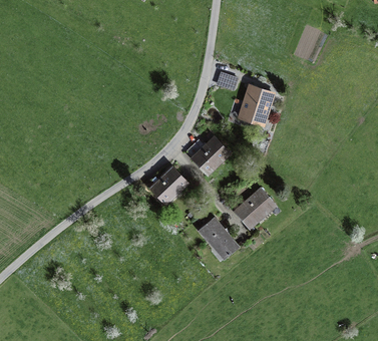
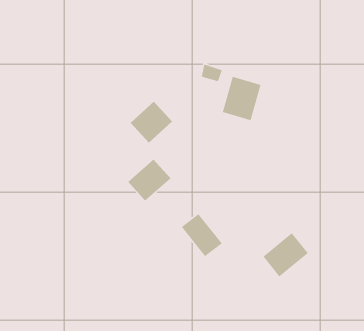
building: [192,134,233,176] -> [130,101,173,144]
building: [235,187,279,230] -> [263,232,309,277]

